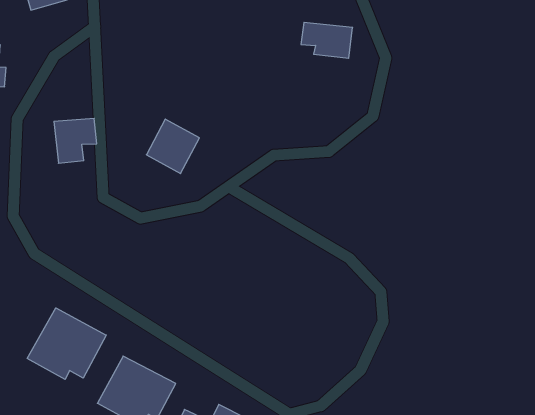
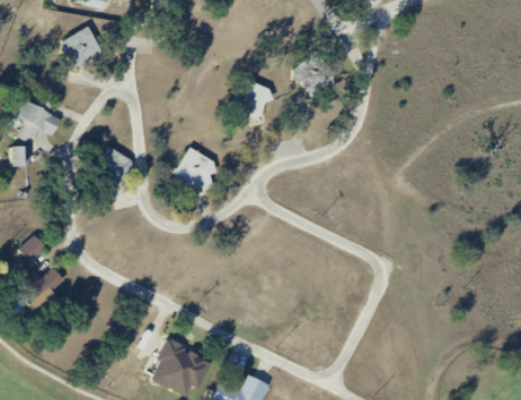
building: none -> [244,82,273,117]
building: [27,308,106,379] -> none

